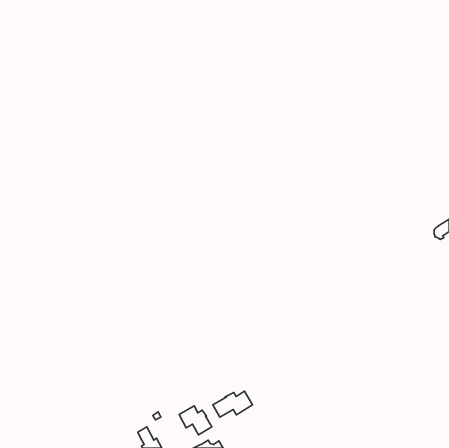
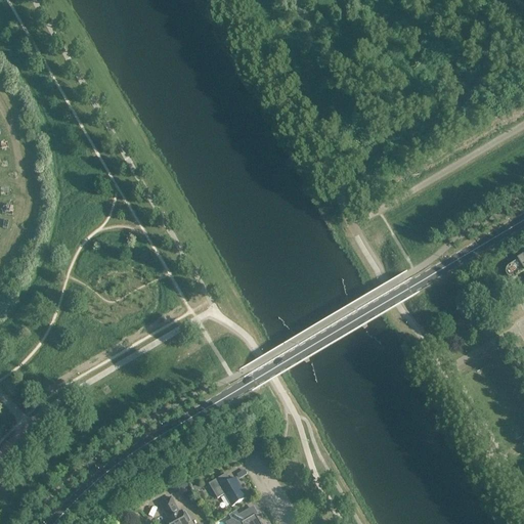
building: [213,391,253,417] -> none

